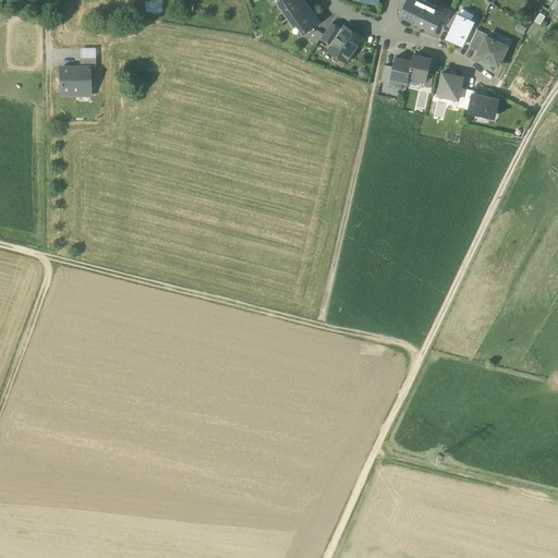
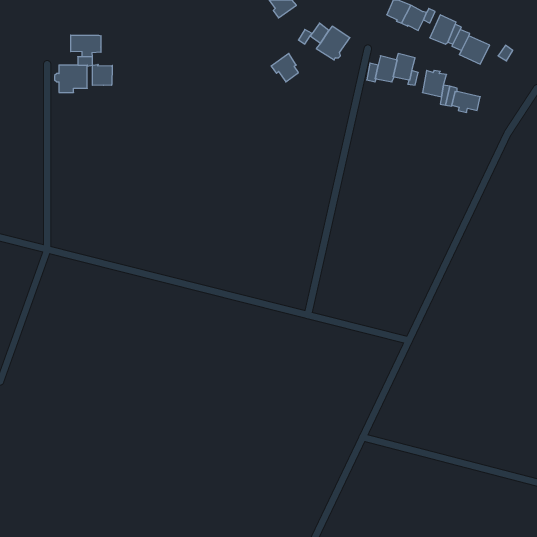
building: [289,5,317,35] -> [271,53,298,82]
building: none -> [71,35,101,57]
building: none -> [92,64,112,85]

